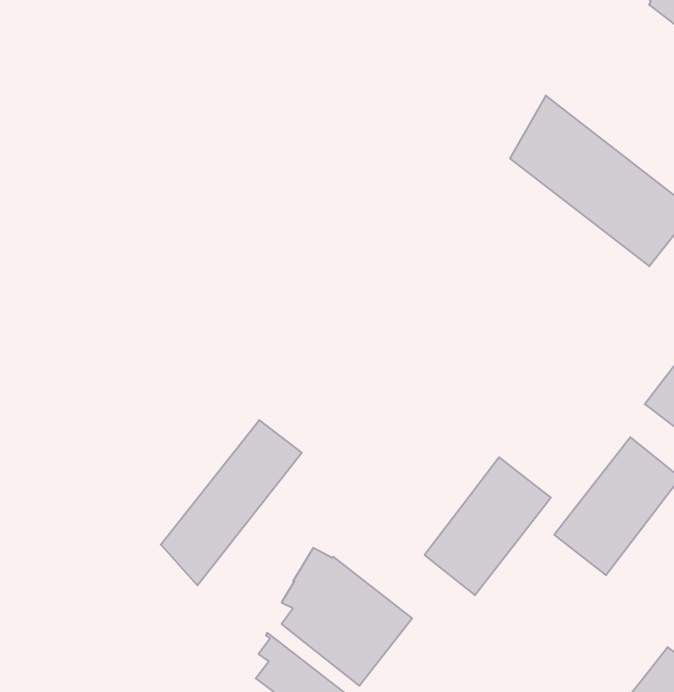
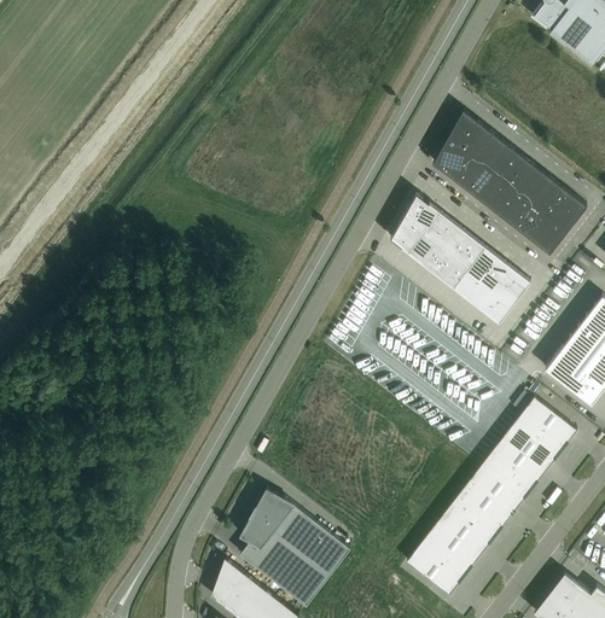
building: none -> [390,193,530,322]
building: [161,420,302,585] -> none
building: [425,457,551,595] -> [407,479,513,595]

